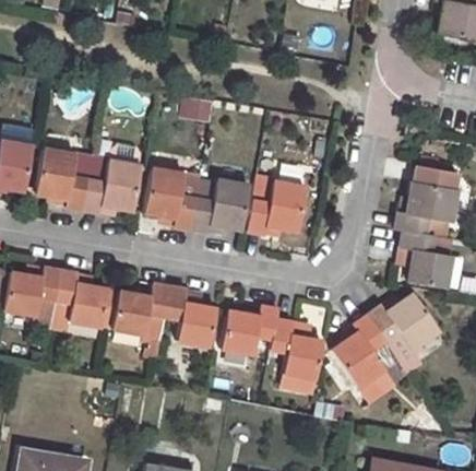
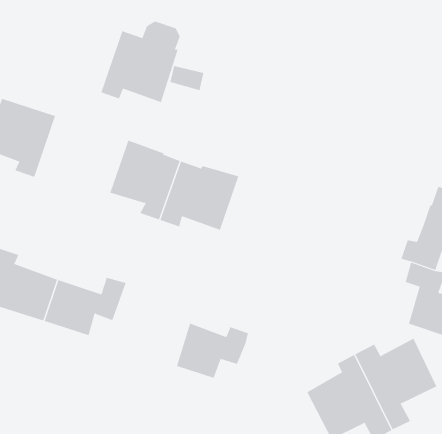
building: [83,144,142,213] -> [101,21,180,103]
building: [248,180,307,234] -> none
building: [165,285,217,345] -> none
building: [272,320,323,378] -> none

